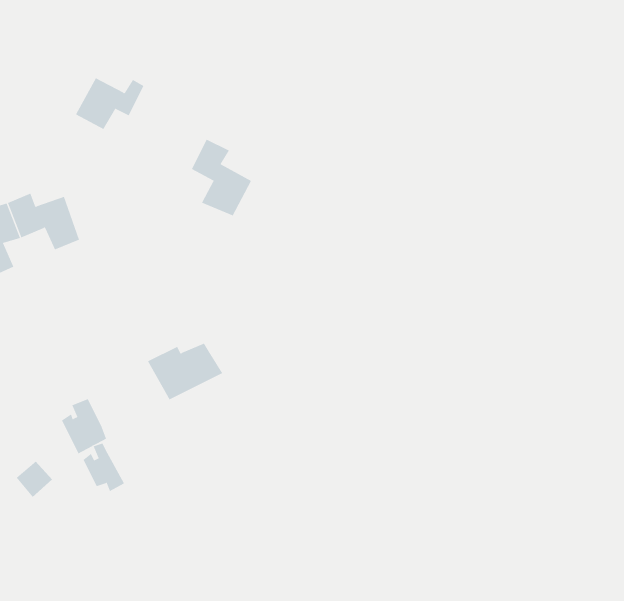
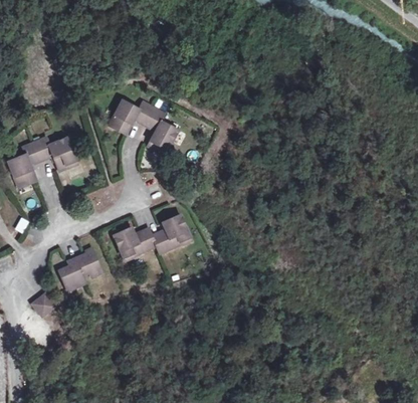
building: [75,77,144,130] -> [108,99,149,131]
building: none -> [151,207,193,250]
building: [83,443,125,492] -> [78,249,103,278]

